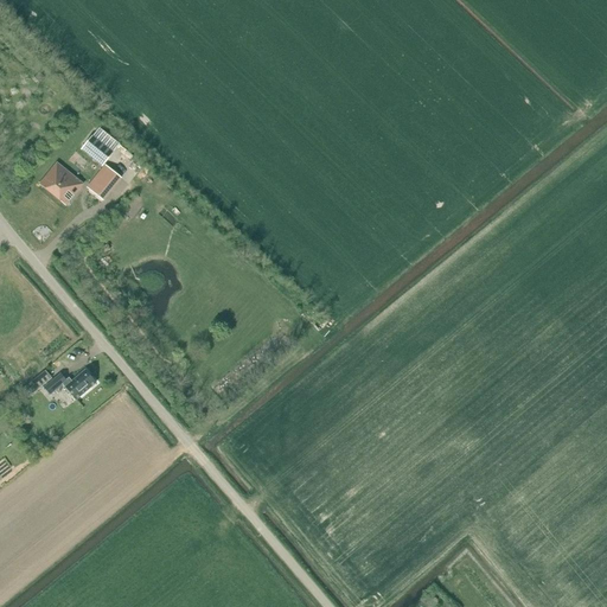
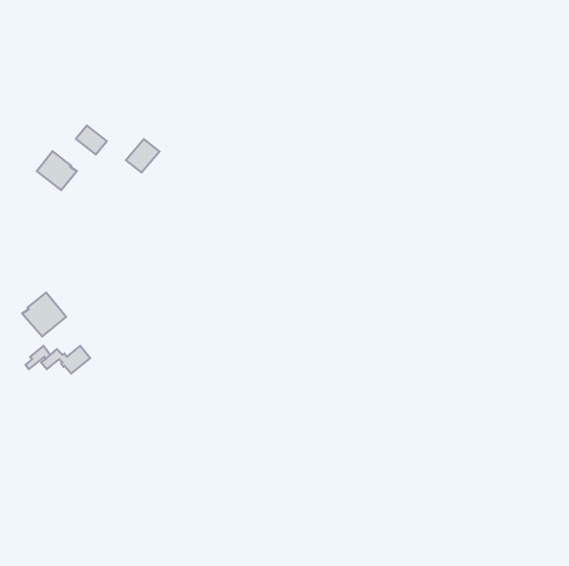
building: [87,164,122,199] -> [126,139,159,173]
building: none -> [22,293,66,336]

